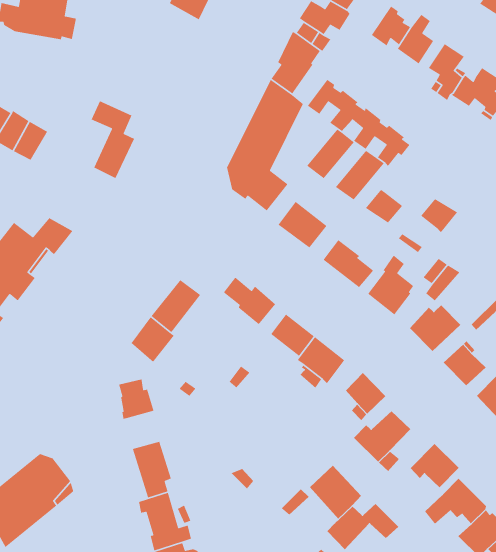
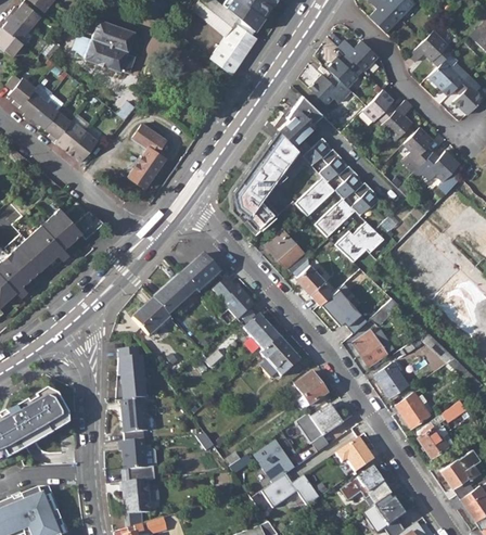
building: [420,198,458,233] -> [354,222,384,251]
building: none -> [181,254,219,292]
building: none -> [115,374,145,402]

